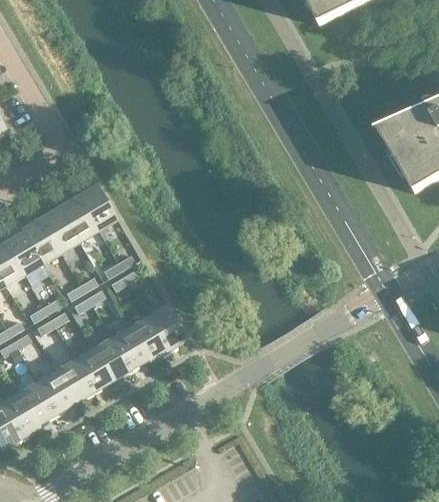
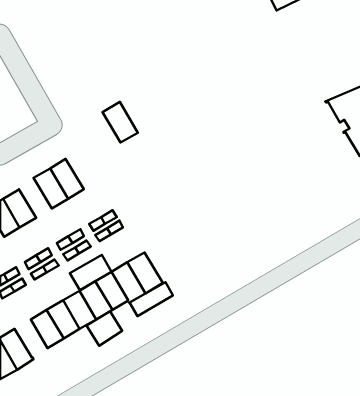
building: [76,184,117,231] -> [102,102,138,143]
building: [20,218,60,264] -> none
building: none -> [70,255,112,290]
building: none -> [129,282,173,316]
building: none -> [87,311,122,346]
building: [17,381,55,425] -> none

